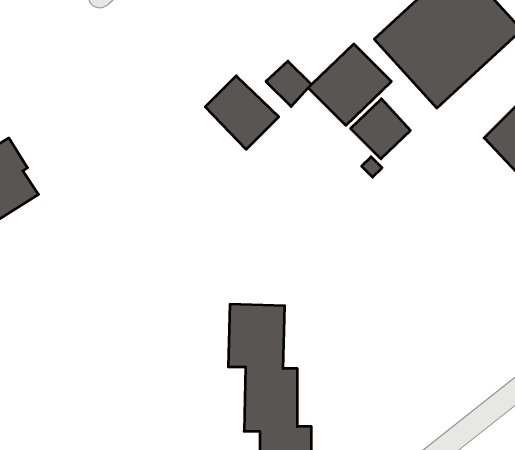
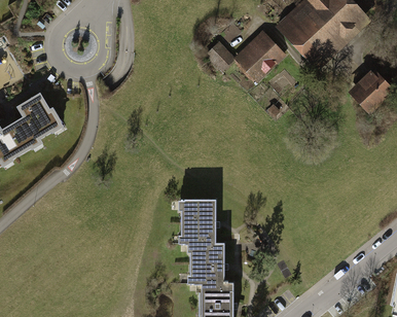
building: [205,76,279,149] -> none
building: [351,99,410,159] -> none

